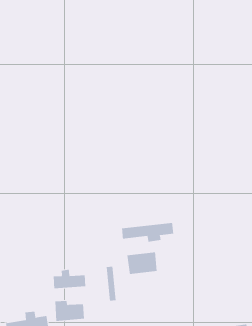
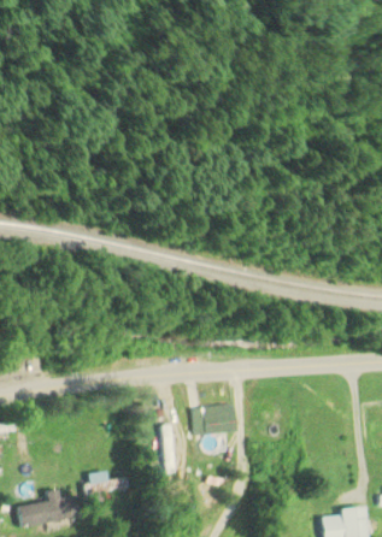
building: [122,222,174,243] -> none
building: [53,269,86,289] -> none

